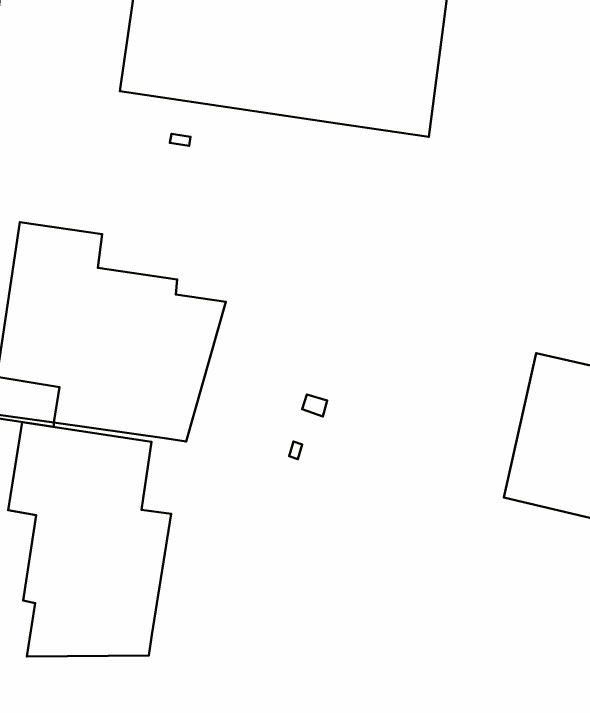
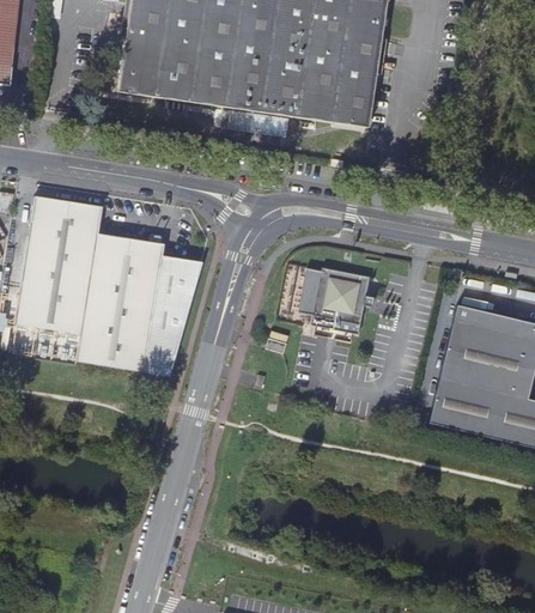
building: none -> [300,267,373,324]
building: [8,422,171,657] -> none

